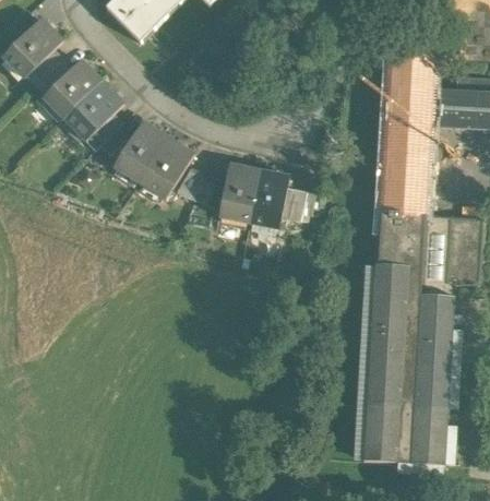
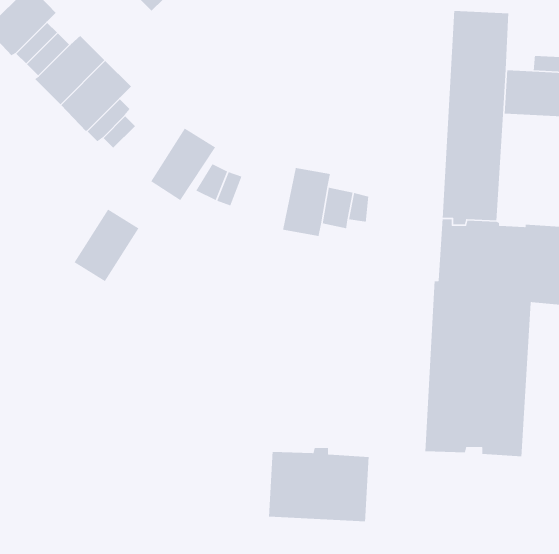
building: [111,120,166,181] -> [73,208,139,282]
building: [217,163,258,222] -> none
building: [361,402,445,464] -> [268,447,370,522]

